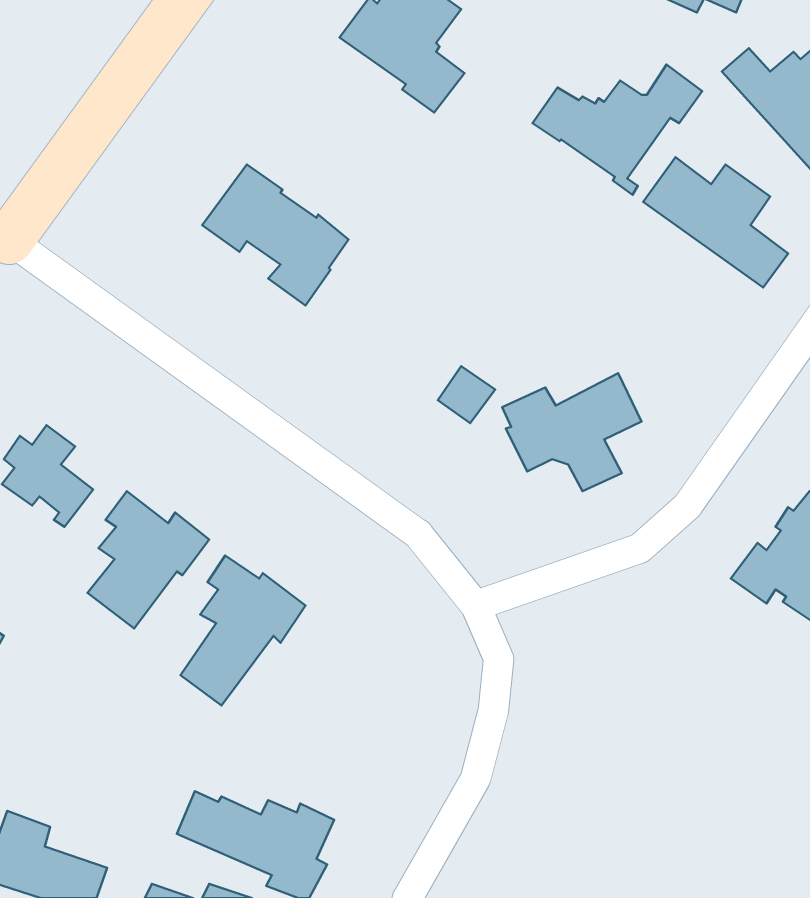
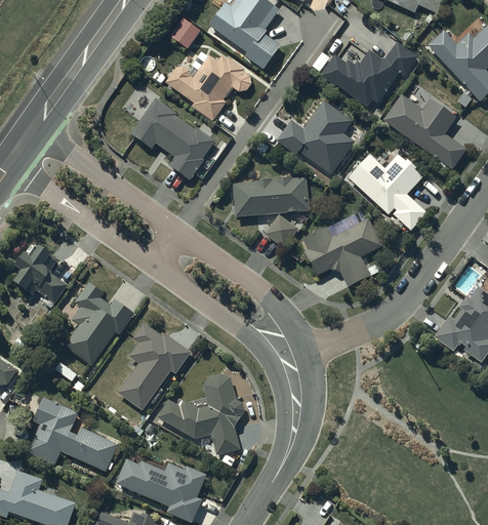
building: none -> [170,17,200,47]
building: none -> [166,50,251,119]
building: none -> [277,100,355,174]
building: none -> [349,154,428,230]
building: none -> [232,177,309,216]
building: none -> [158,374,244,454]
building: none -> [28,397,118,471]

